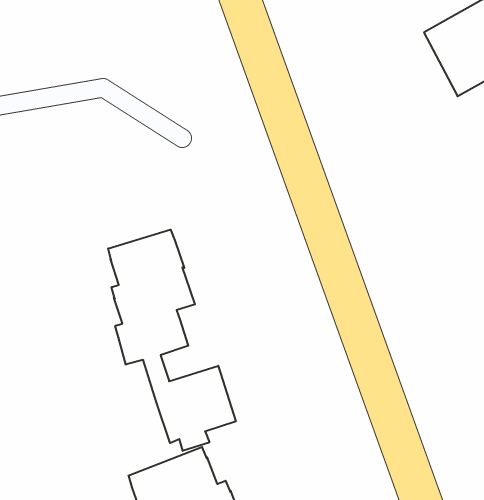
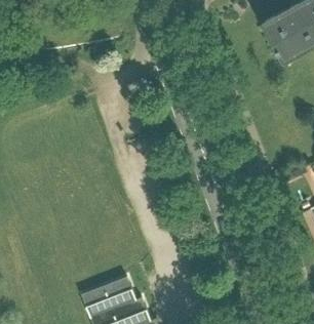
building: [108,230,236,451] -> none

